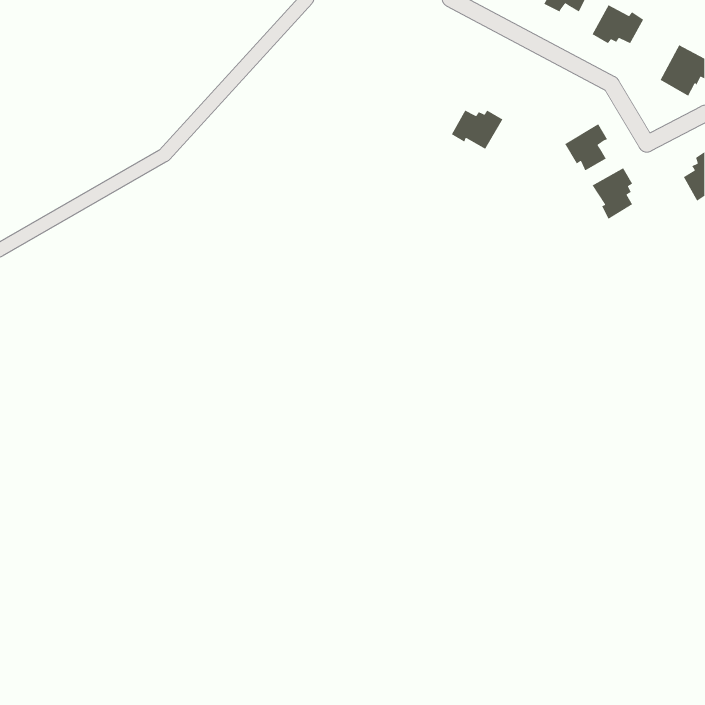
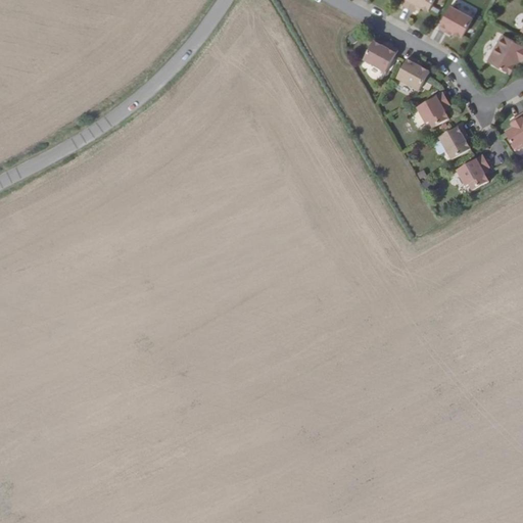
building: none -> [396,55,430,94]
building: [451,110,503,150] -> [359,42,397,72]
building: none -> [457,154,488,189]

